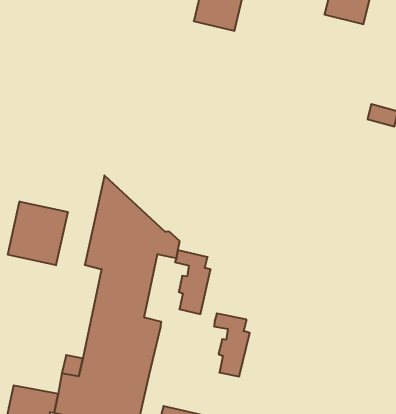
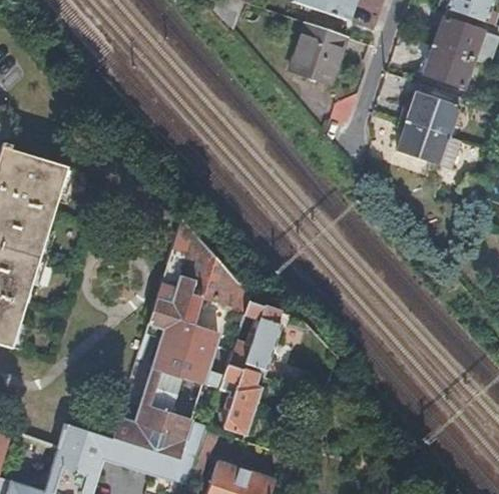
building: none -> [397,83,460,163]
building: [8,201,68,265] -> none
building: [214,313,250,376] -> [223,367,260,434]

